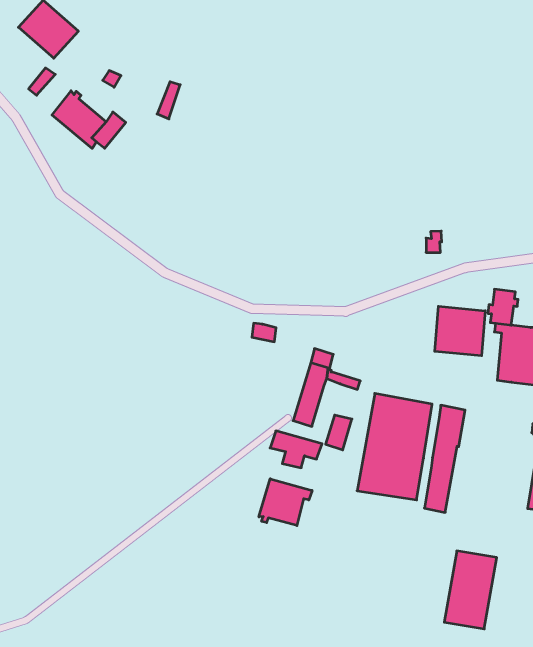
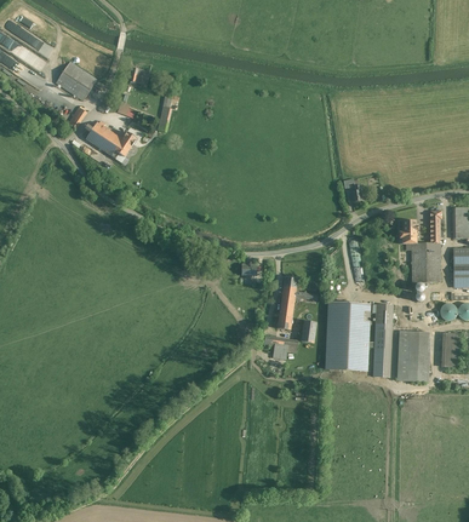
building: [435,306,485,356] -> none
building: [259,479,312,526] -> none
building: [444,551,497,629] -> [396,331,427,382]

